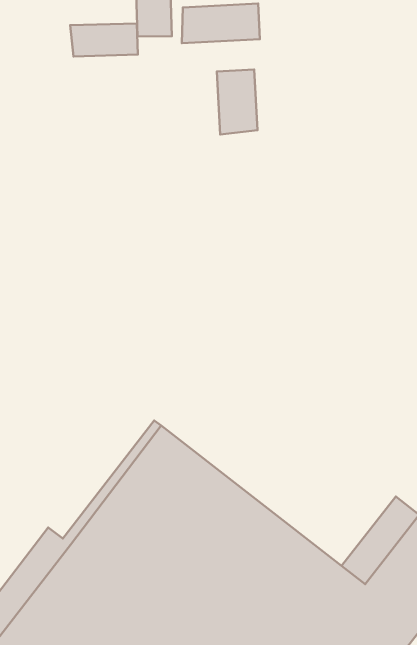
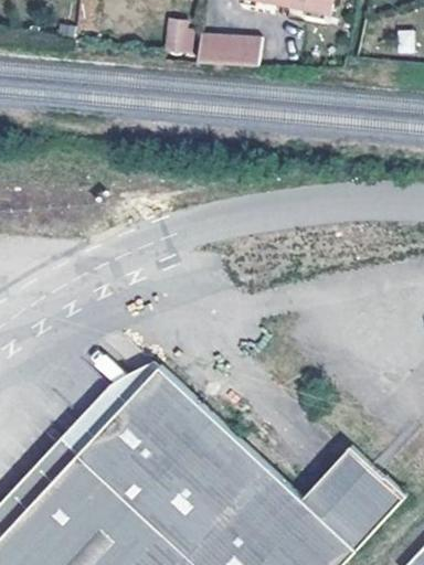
building: [70,23,138,56] -> none
building: [217,70,257,134] -> none

